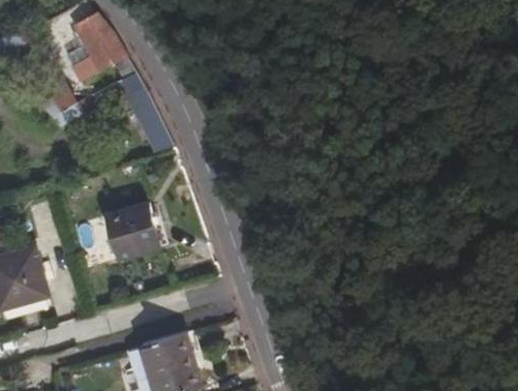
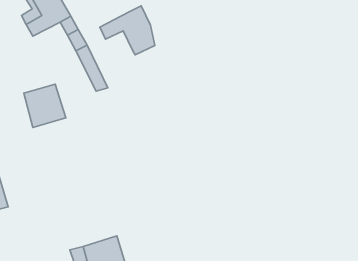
building: none -> [100,6,155,55]
building: [109,204,161,259] -> [24,84,66,128]

